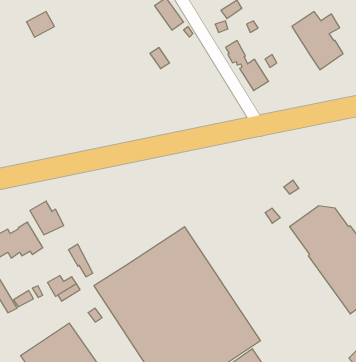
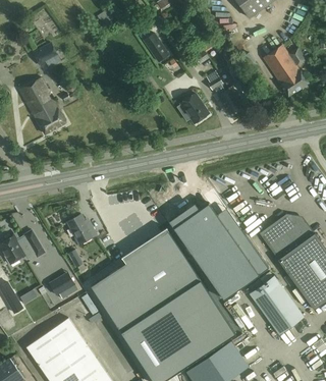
building: none -> [19,77,65,133]
building: none -> [179,93,208,123]
building: none -> [168,203,268,298]
building: [30,201,64,235] -> [66,214,96,243]
building: none -> [249,275,304,334]

